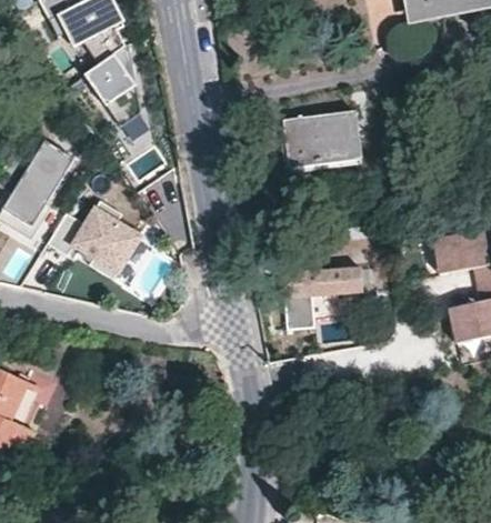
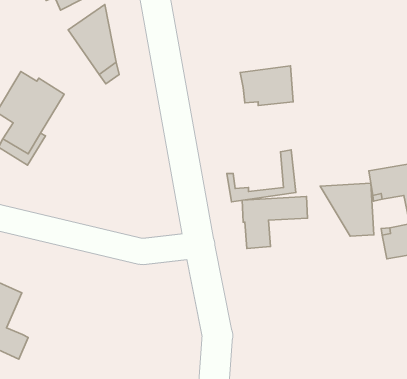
building: [280,113,361,174] -> [227,150,296,202]
building: [48,200,139,279] -> none
building: none -> [320,183,374,236]

